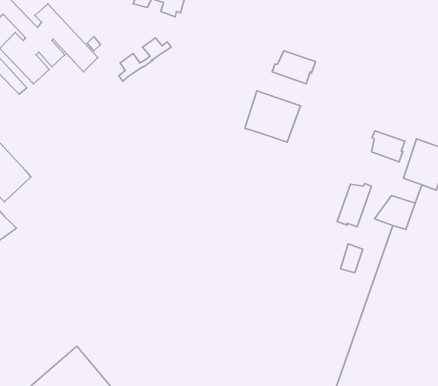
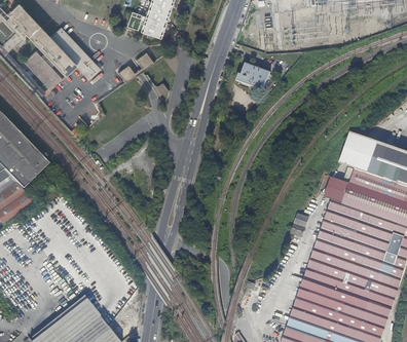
building: [245,91,301,142] -> none
building: [372,131,405,162] -> none
building: [337,184,371,227] -> none

